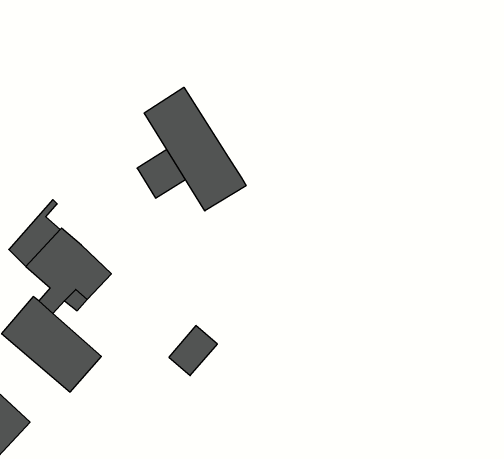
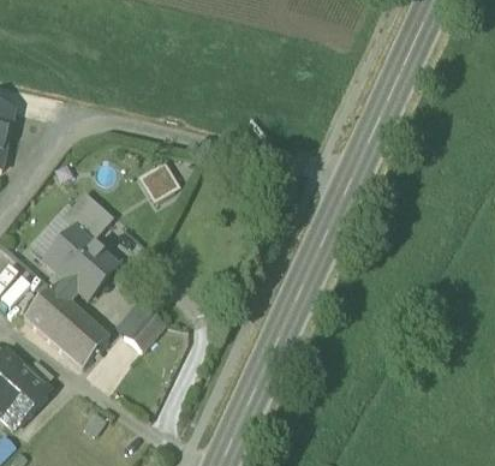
building: [144,87,246,211] -> none
building: none -> [60,190,112,240]
building: [169,326,217,376] -> [121,305,162,347]

